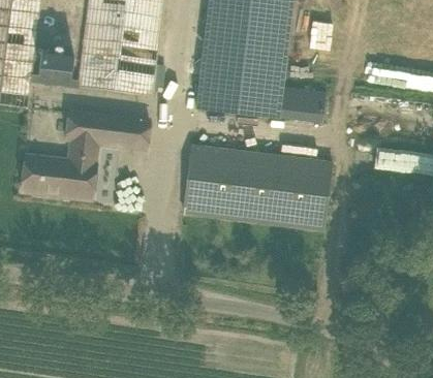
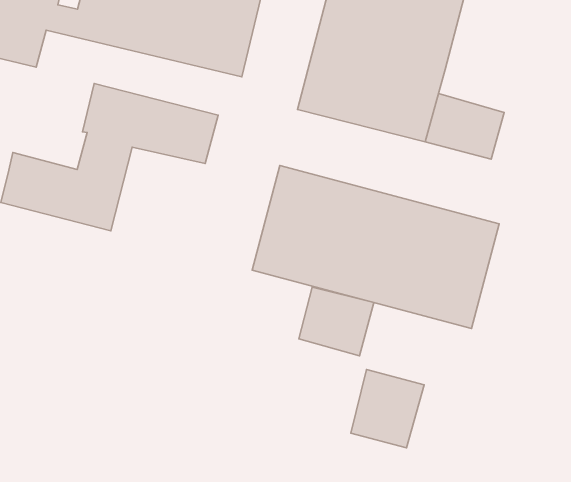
building: none -> [299,287,374,356]
building: none -> [351,370,424,448]

